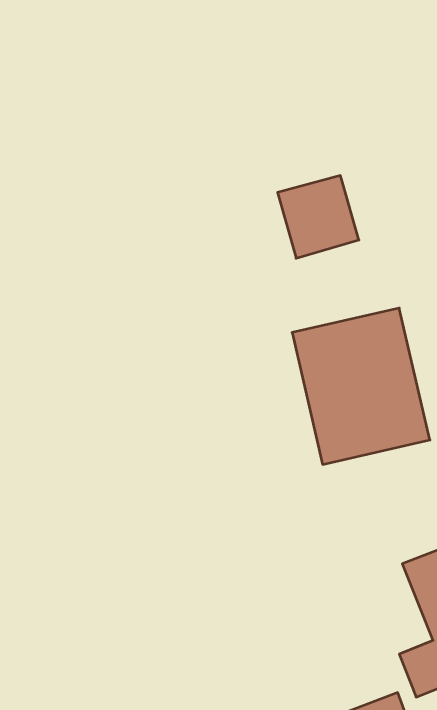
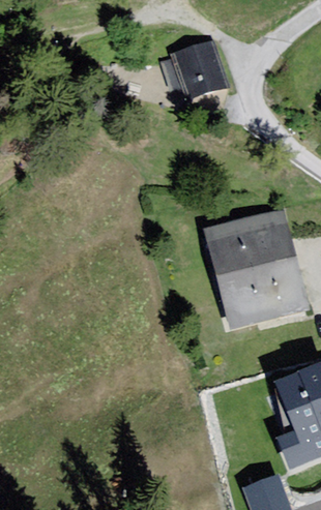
building: [278,176,359,258] -> [174,47,229,102]

